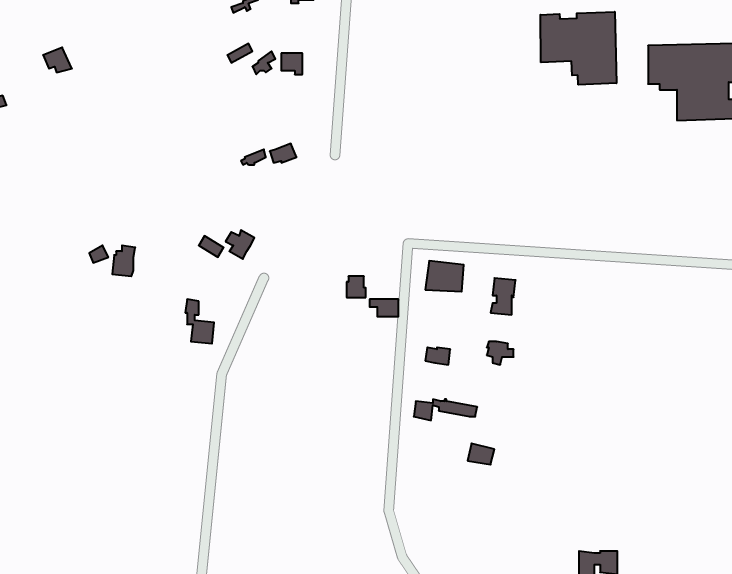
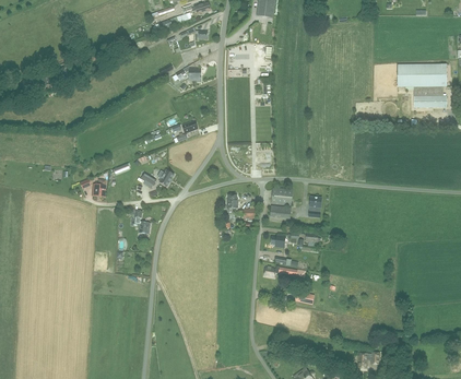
building: [540,12,616,85] -> none

